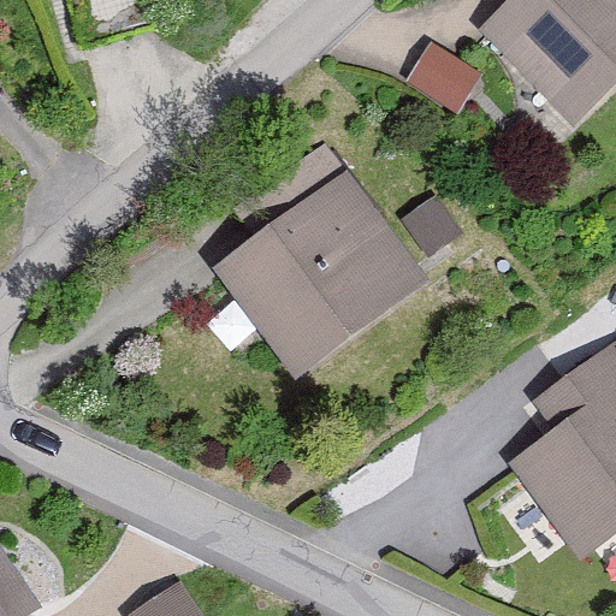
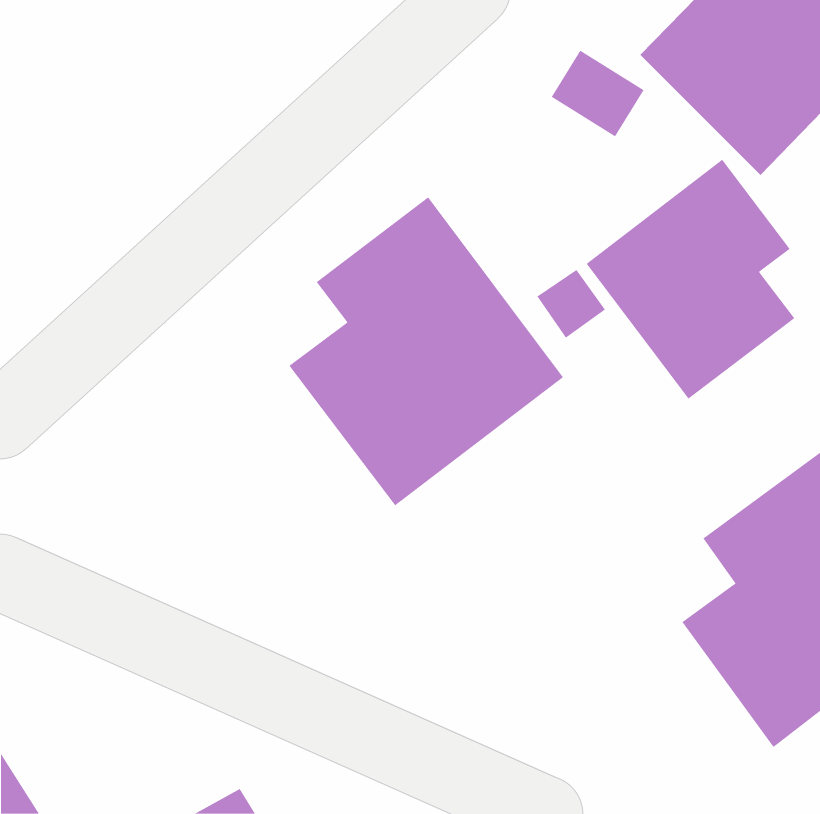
building: none -> [586,159,795,399]

